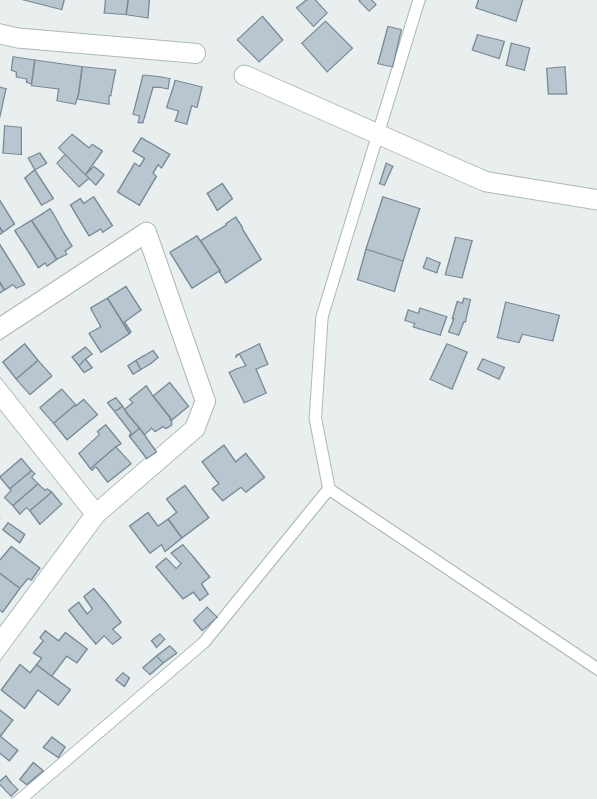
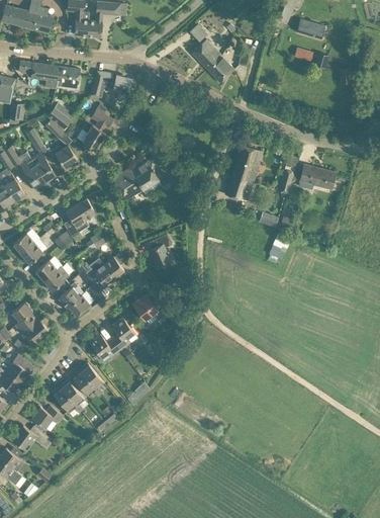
building: [237,16,283,62] -> [206,56,233,83]
building: [497,302,560,343] -> [297,165,335,189]
building: [156,545,210,601] -> [71,363,103,397]

